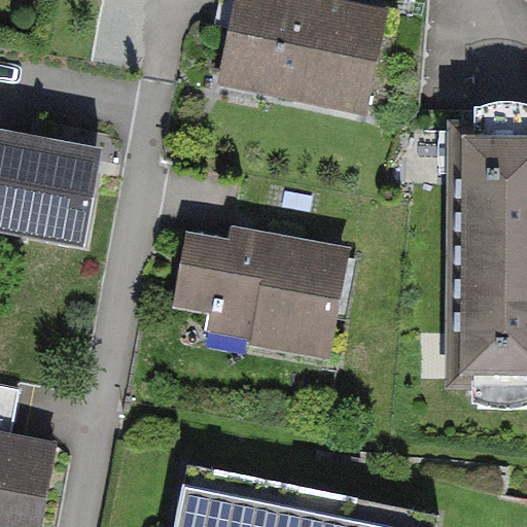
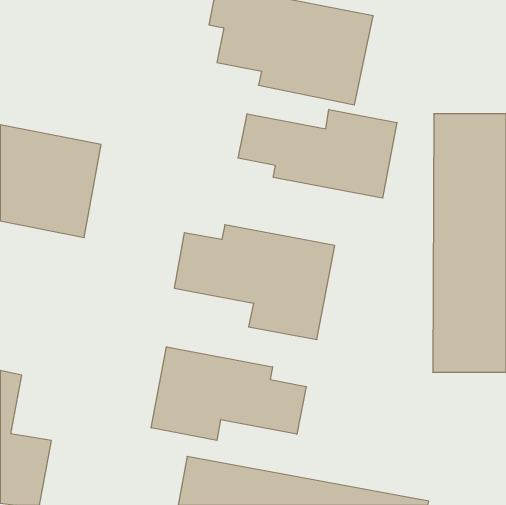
building: none -> [238,109,397,198]
building: none -> [151,347,306,440]

